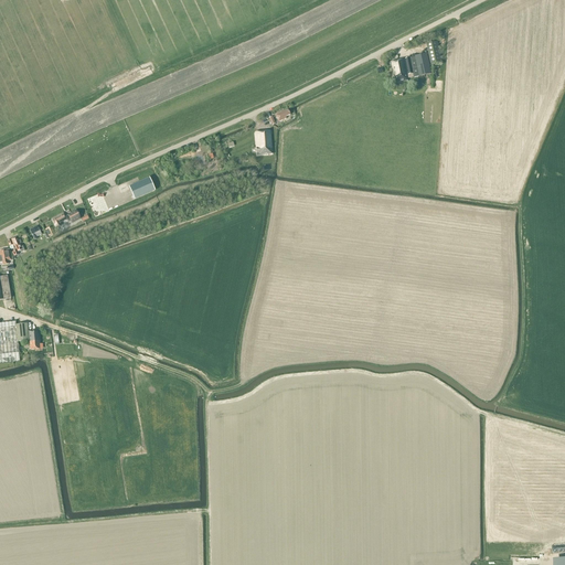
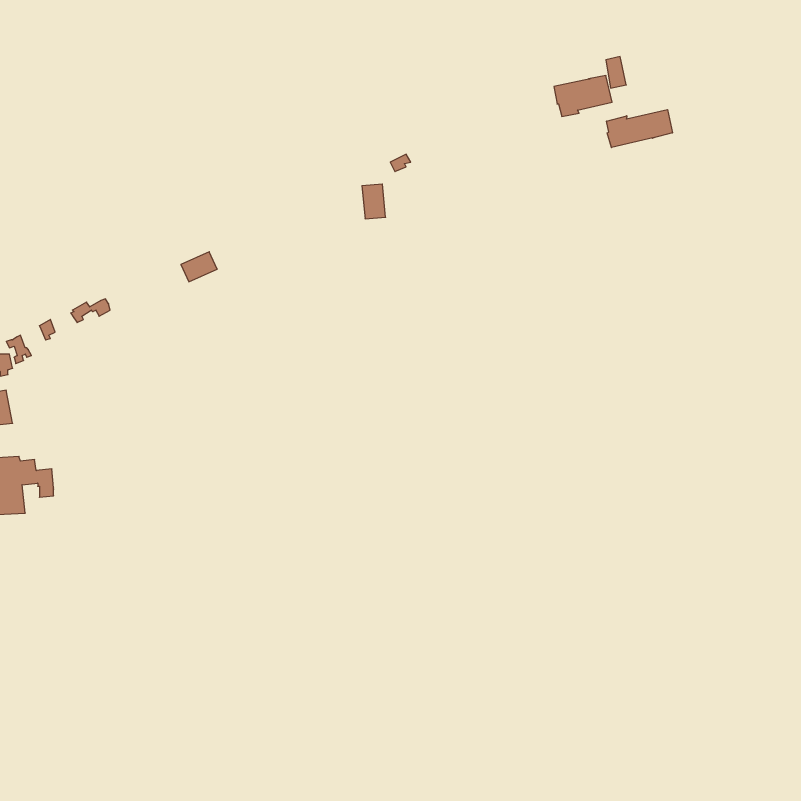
building: none -> [607,110,672,148]

